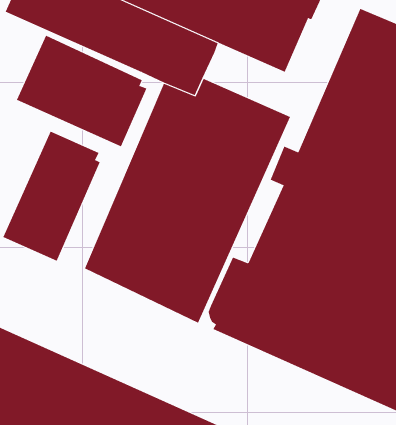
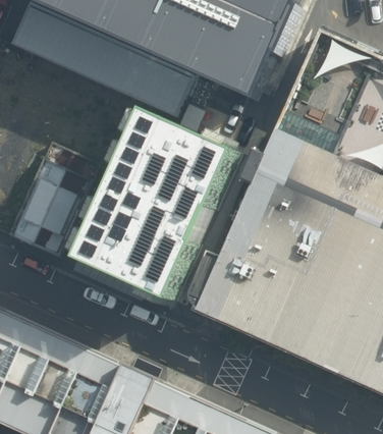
building: [16,35,147,147] -> none

